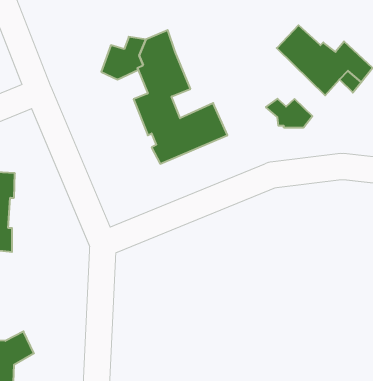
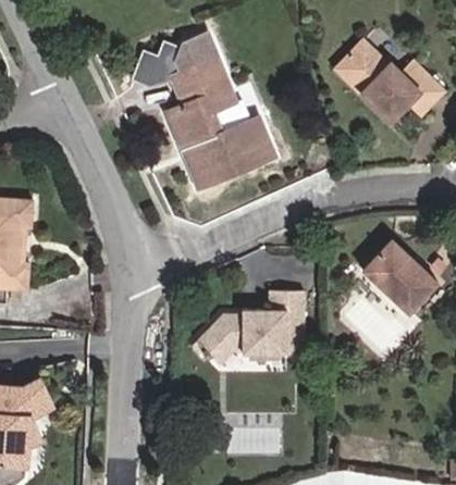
building: [266,99,312,128] -> none
building: none -> [353,232,432,308]
building: none -> [194,291,301,366]

